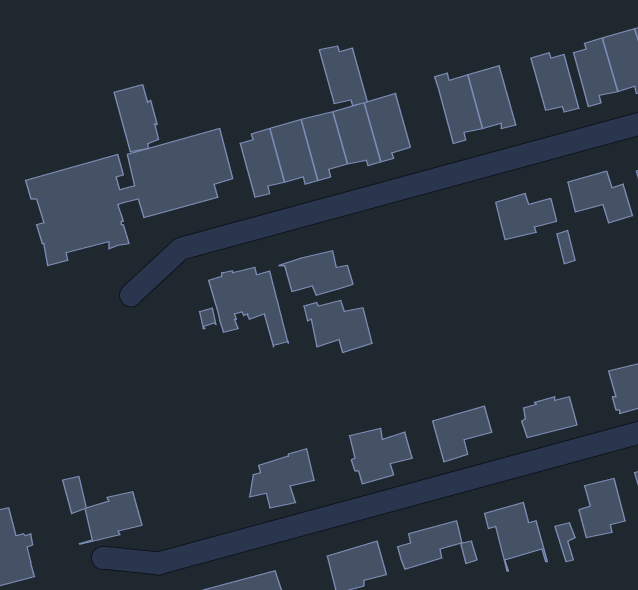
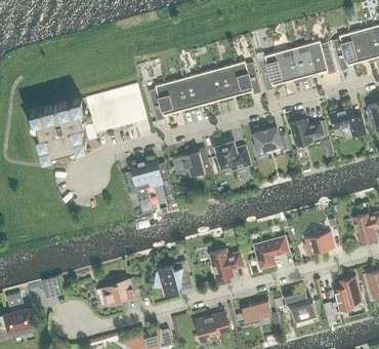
building: [319,46,367,105] -> [235,61,261,93]
building: none -> [292,43,318,80]
building: [114,85,158,152] -> none
building: none -> [254,126,289,157]
building: [304,301,372,352] -> [213,141,251,169]
building: [79,492,142,544] -> [100,277,135,306]

